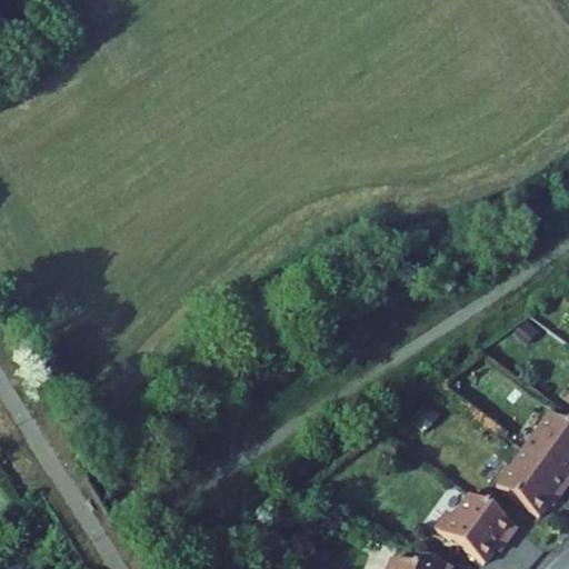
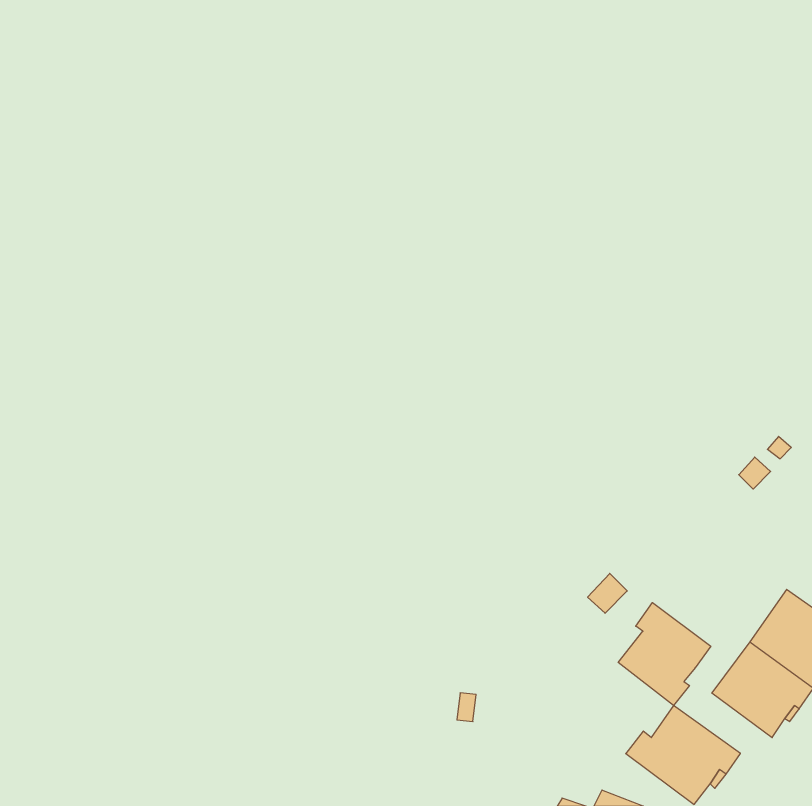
building: none -> [618,603,711,706]

